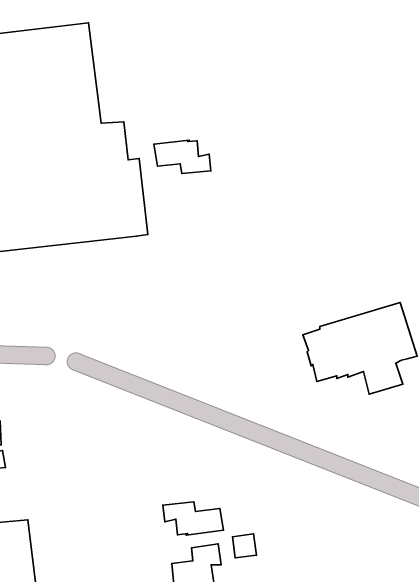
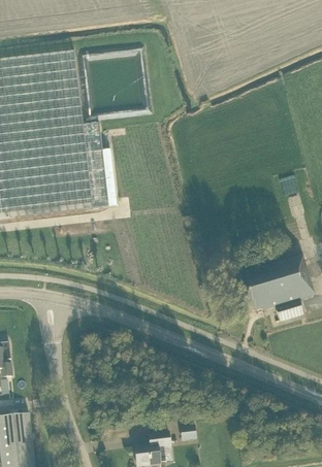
building: [154,140,211,174] -> none
building: [163,502,224,535] -> none

